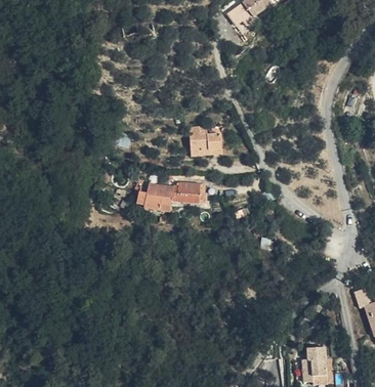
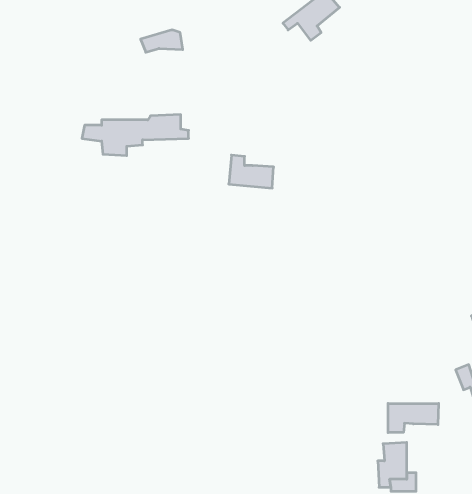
building: [119,182,202,214] -> [82,115,189,156]
building: none -> [388,403,439,433]

